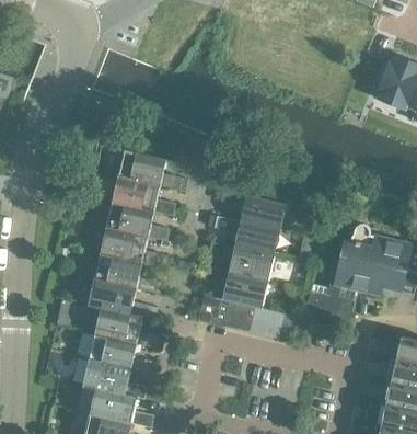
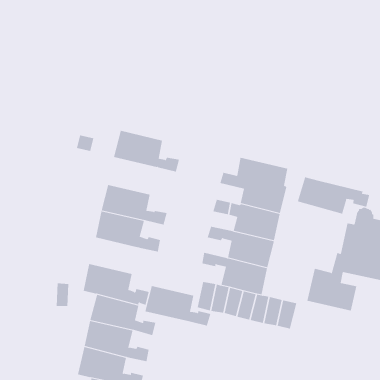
building: [112,175,175,216] -> none
building: none -> [297,177,370,214]
building: [93,253,158,293] -> [144,285,211,326]

